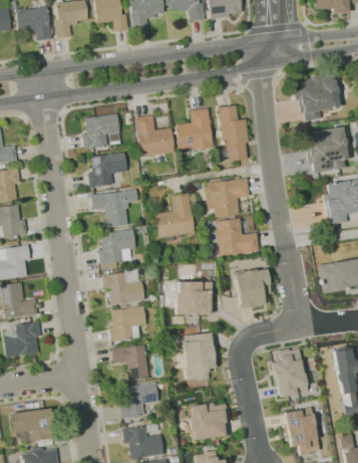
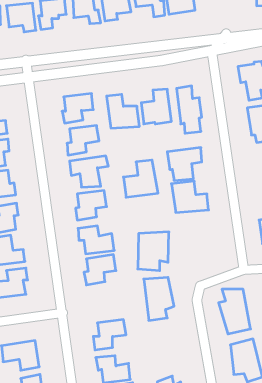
building: [230,252,271,311] -> none
building: [111,343,148,381] -> none
building: [188,403,225,438] -> none

